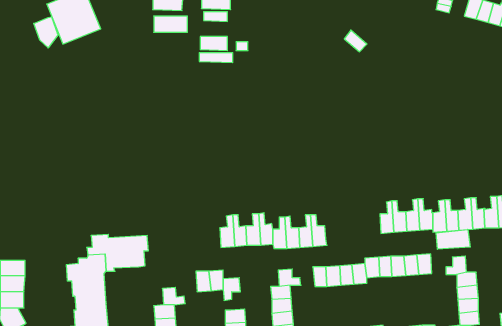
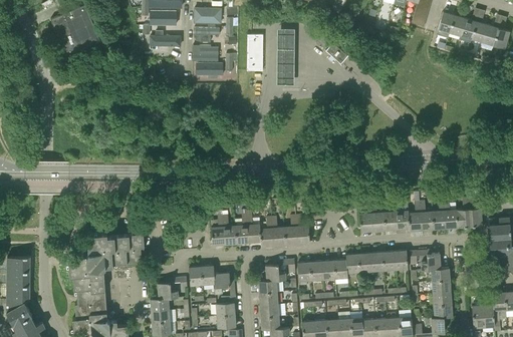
building: none -> [277,29,294,84]
building: [34,17,59,48] -> none
building: none -> [247,34,263,71]
building: [436,229,470,249] -> none

